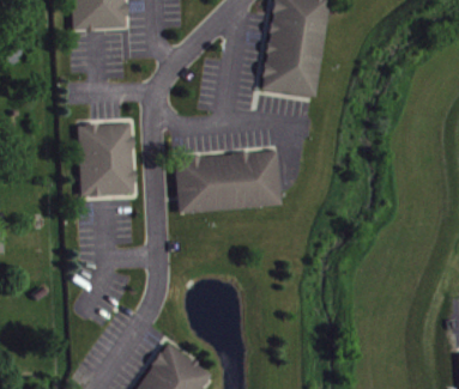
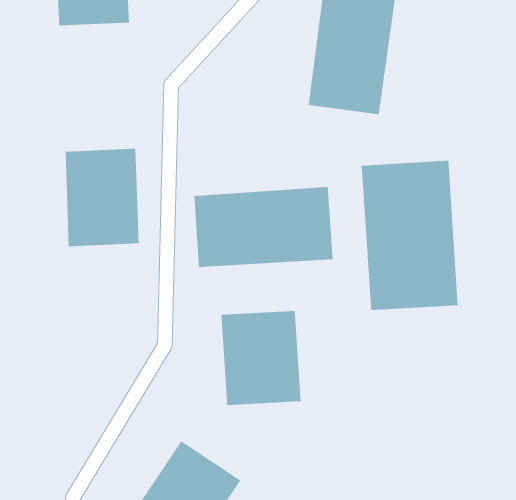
building: none -> [361,160,458,311]
building: none -> [221,310,301,406]

